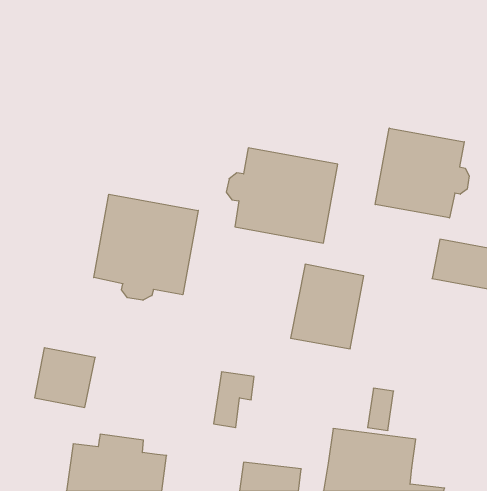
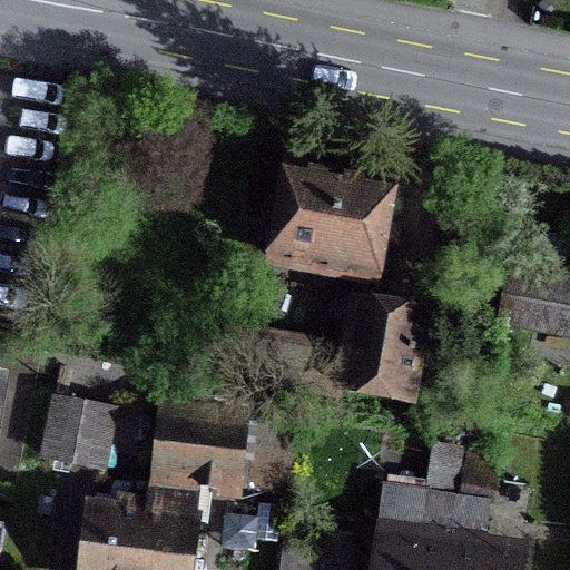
building: [375,128,469,218] -> none
building: [94,194,198,300] -> none
building: none -> [156,414,246,494]

